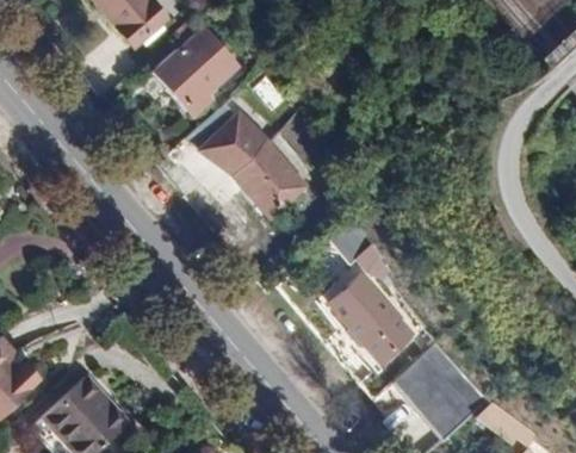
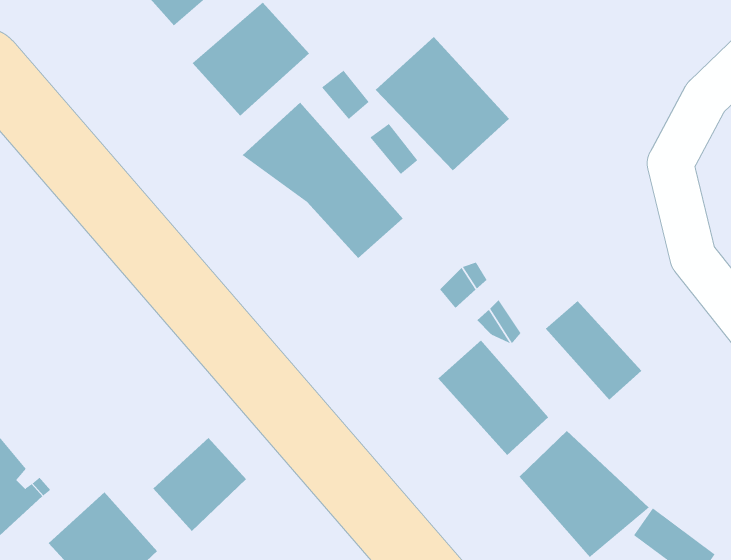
building: none -> [375,36,510,171]
building: none -> [545,300,642,401]
building: none -> [152,437,247,532]

